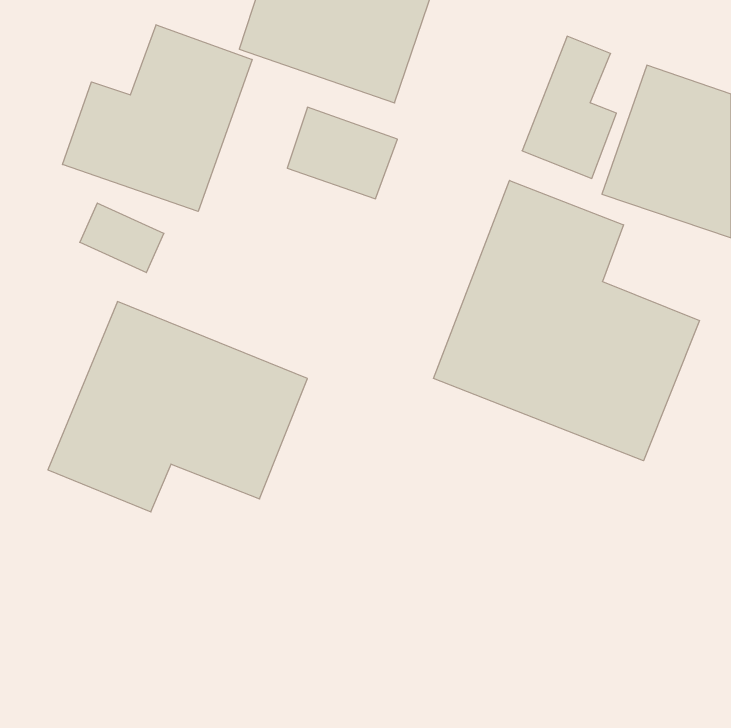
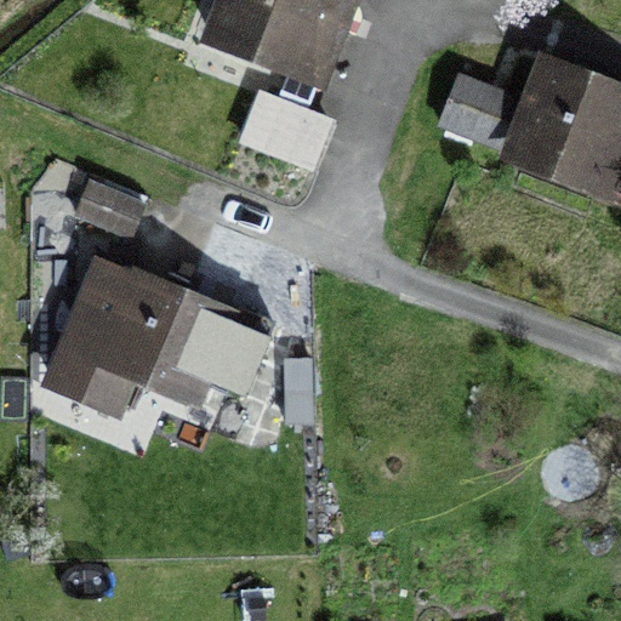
building: [63,25,252,211] -> none
building: [434,180,699,461] -> none

